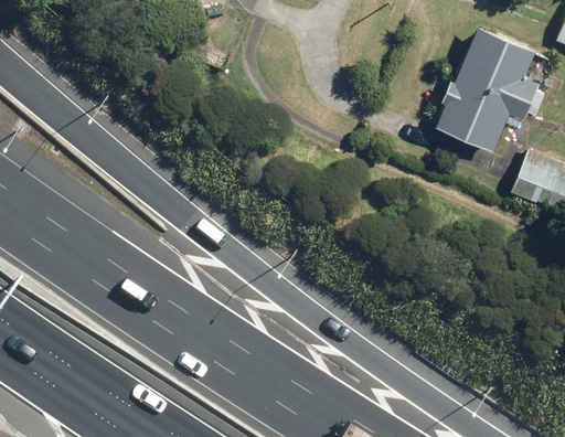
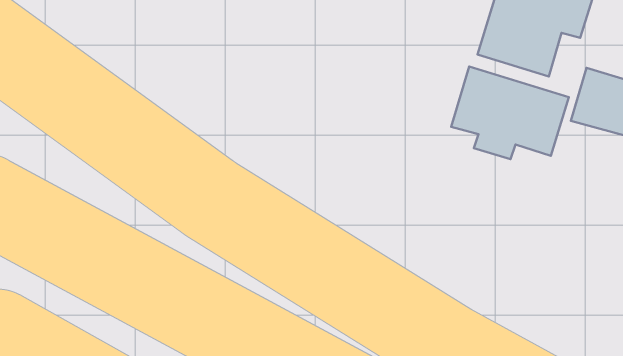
building: none -> [451,66,569,159]

